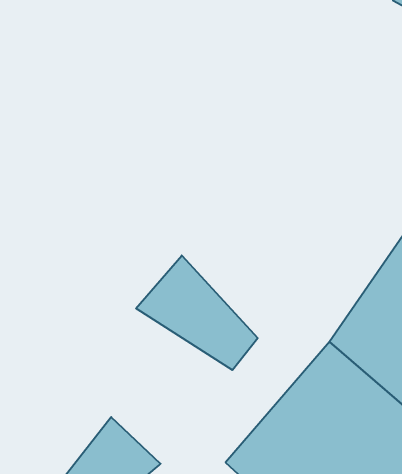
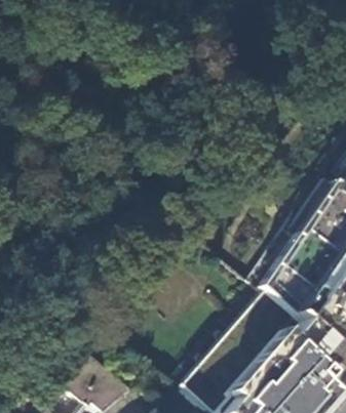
building: [136,255,258,370] -> none

